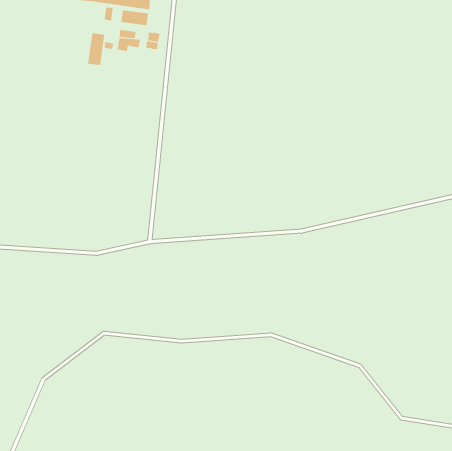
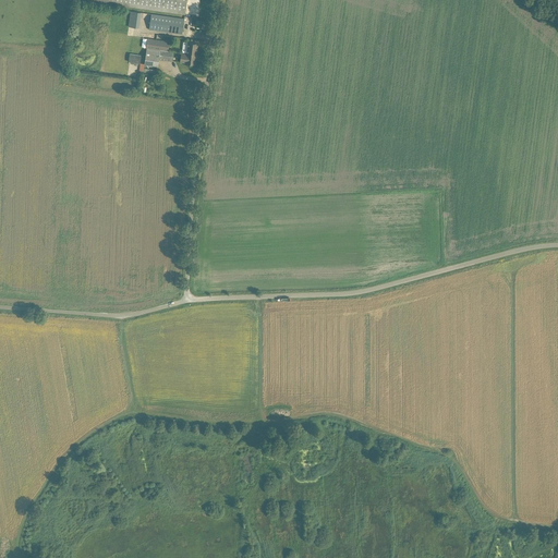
building: [88,33,105,66] -> none

